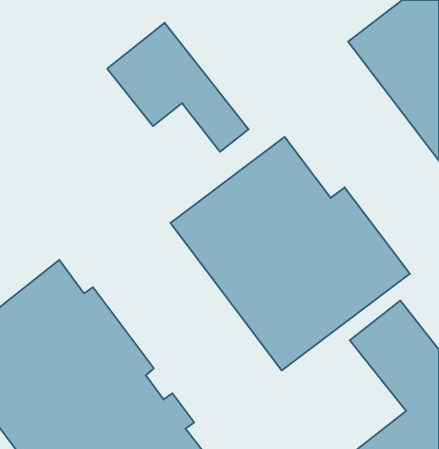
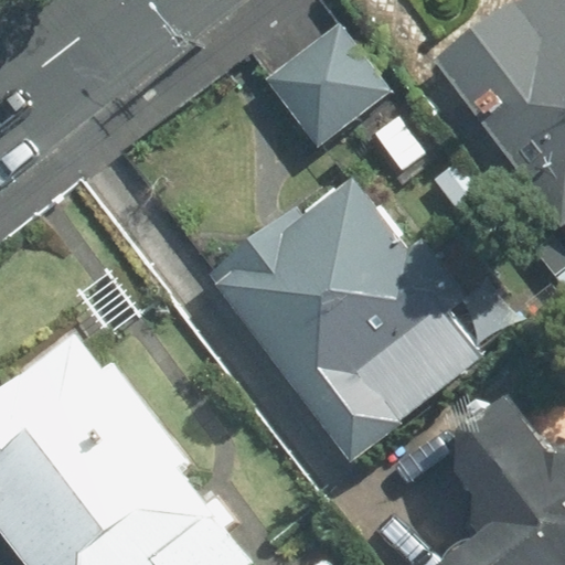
building: [107,23,249,152] -> [259,20,436,181]

